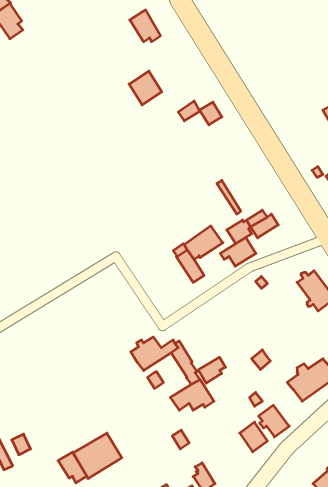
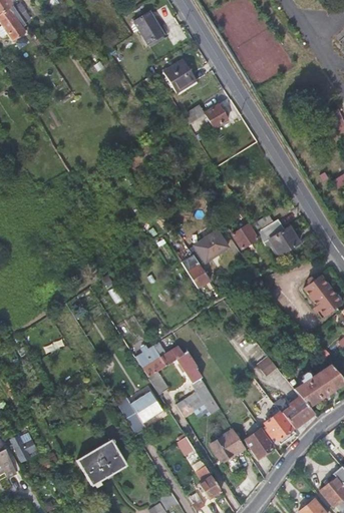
building: [129,71,162,105] -> [163,59,197,93]
building: [220,238,256,266] -> [264,226,300,255]
building: [198,357,226,383] -> none
building: none -> [117,392,162,435]
building: none -> [275,396,314,429]
building: none -> [211,430,245,474]
building: [58,452,87,483] -> none

